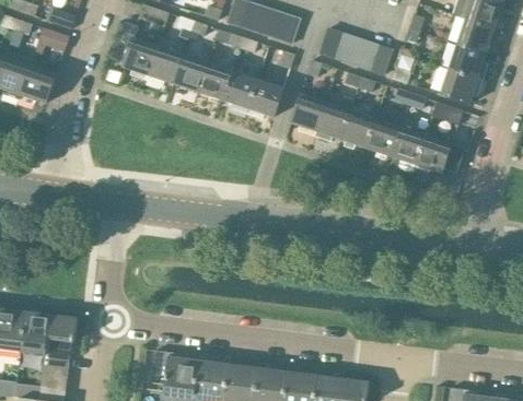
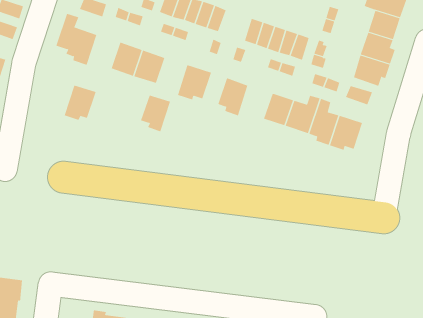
building: [146,47,182,86] -> [64,85,97,121]
building: [222,72,256,114] -> [140,95,171,132]
building: [313,96,355,142] -> none

